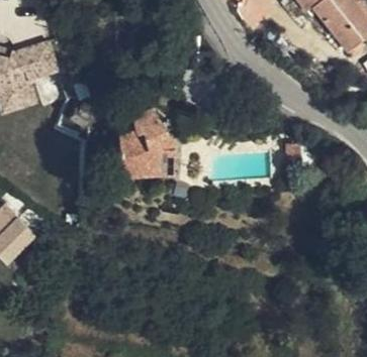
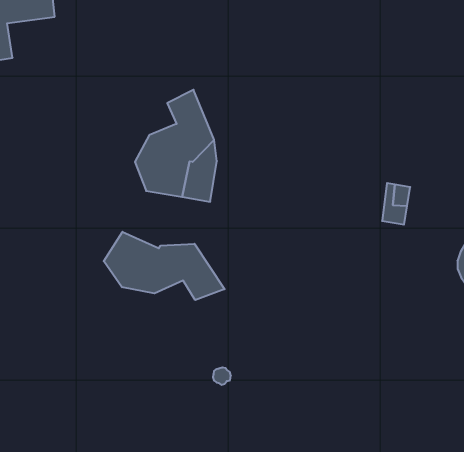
building: none -> [104,232,225,300]

